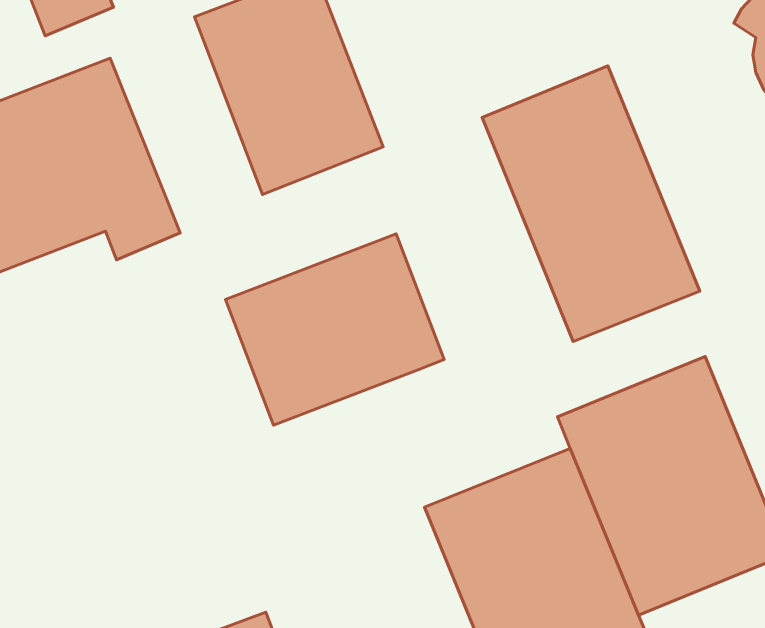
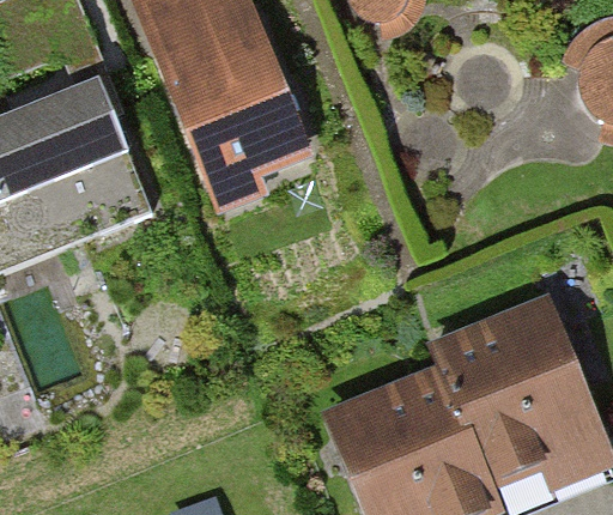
building: [482,66,700,341] -> none
building: [225,234,444,425] -> none

